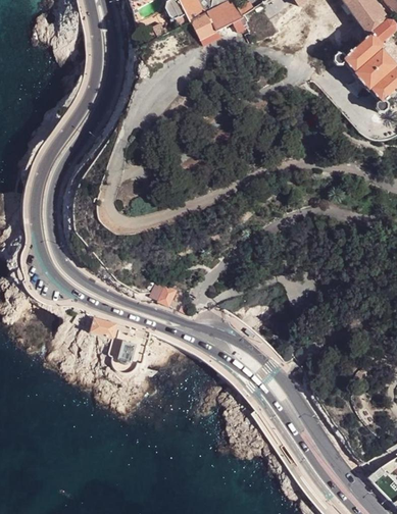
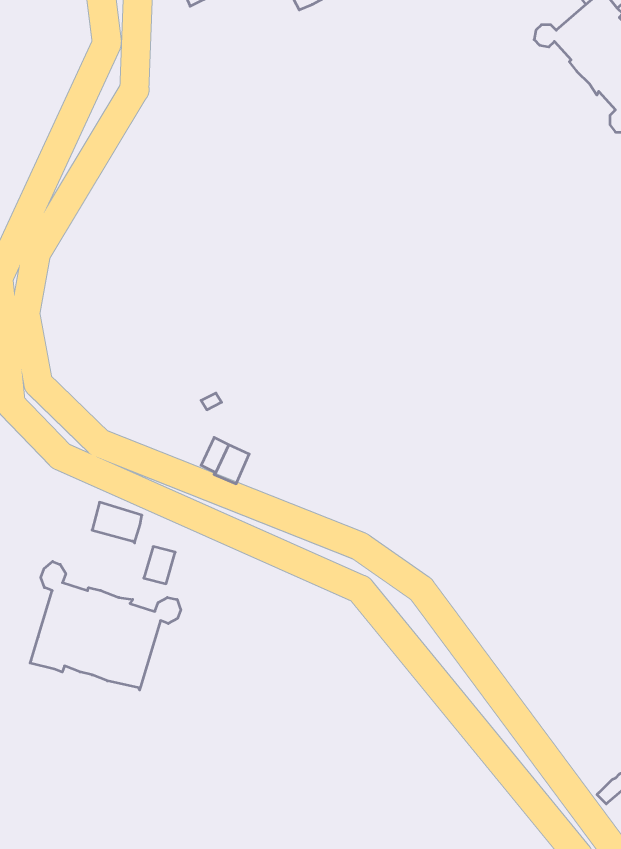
building: none -> [30,561,181,690]

